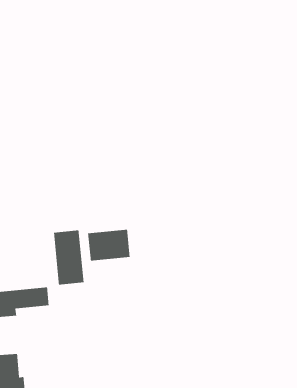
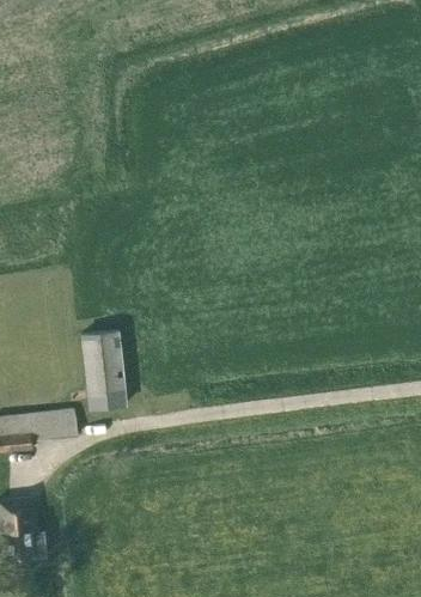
building: [87,229,131,262] -> none

